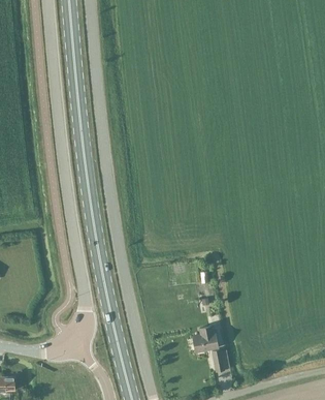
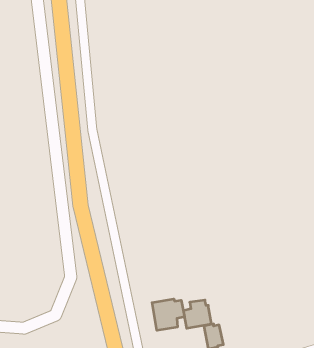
building: none -> [152,299,184,330]

